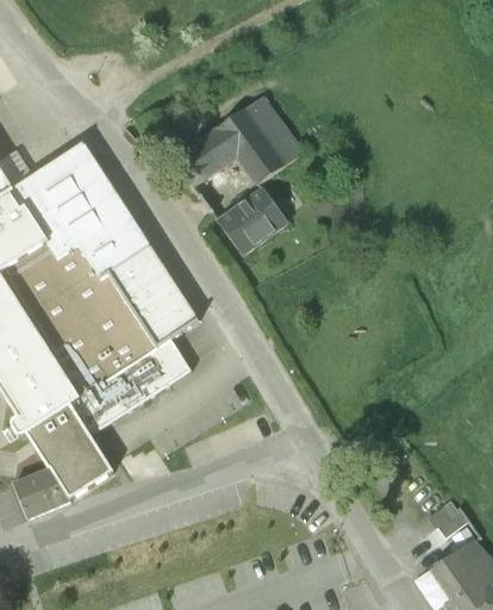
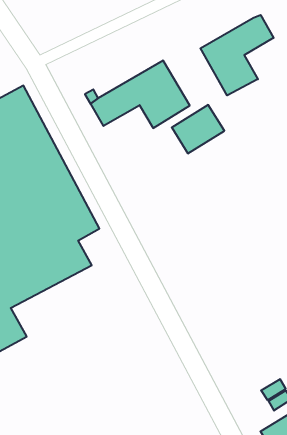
building: none -> [200,15,274,95]
building: [218,187,287,253] -> [172,105,224,153]

